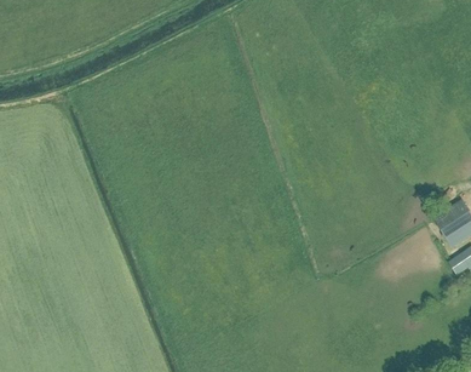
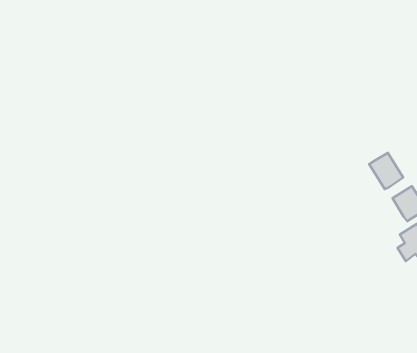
building: none -> [369,153,403,189]

